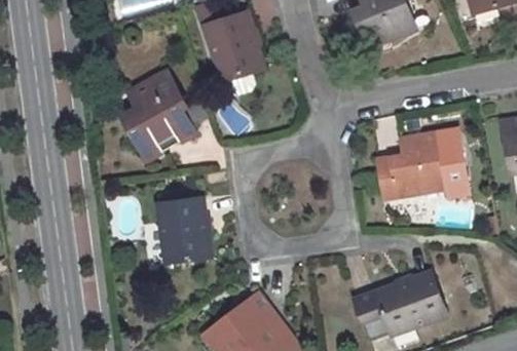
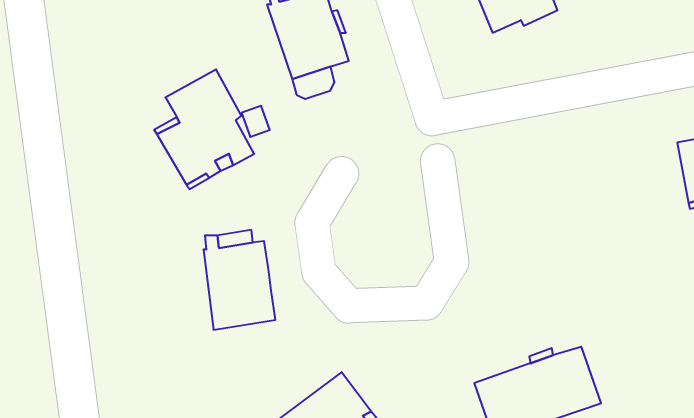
building: [377,129,469,199] -> none

